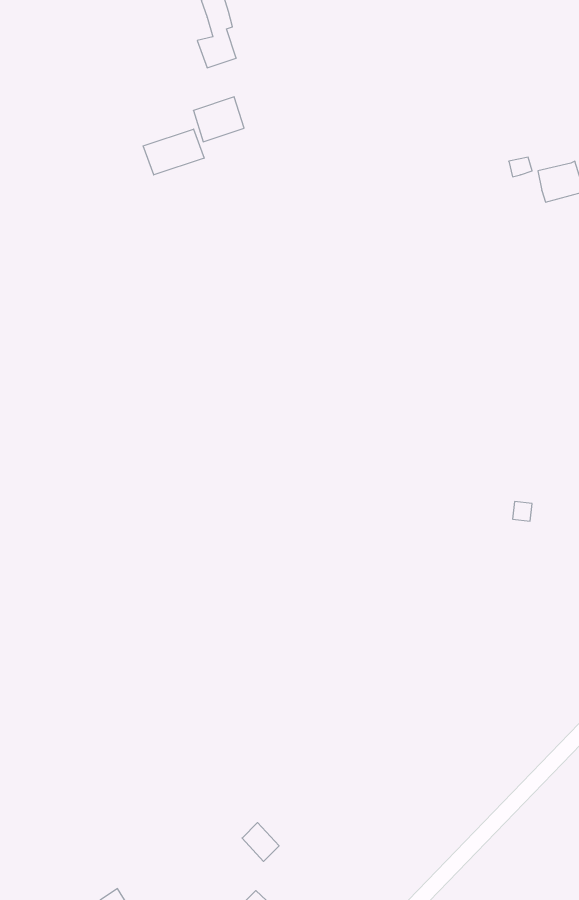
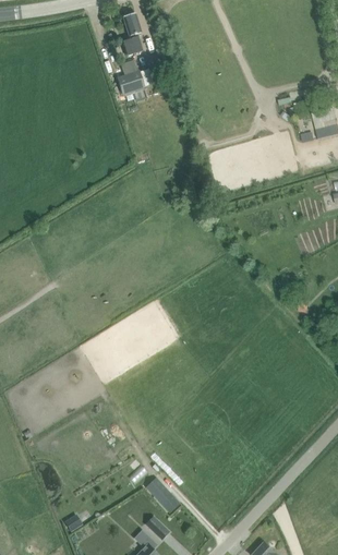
building: [143,129,204,175] -> none

